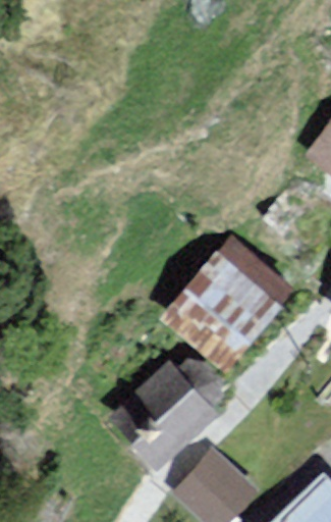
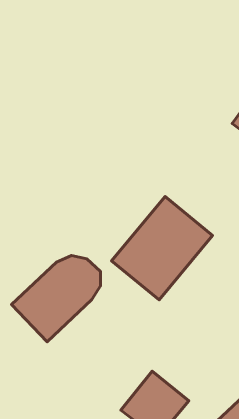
building: [114,356,221,460] -> [11,255,100,342]

